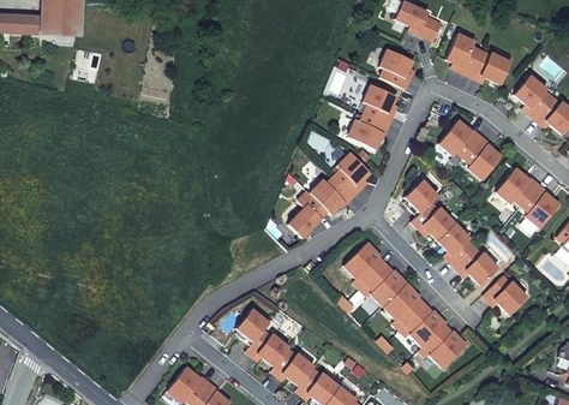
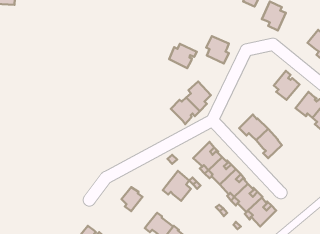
building: [378,48,413,88] -> none
building: [469,49,511,84] -> none
building: [348,113,389,149] -> [169,44,197,68]
building: [438,119,481,157] -> none
building: [405,179,437,215] -> none
building: [288,191,328,238] -> none
building: [455,246,498,285] -> none
building: [483,275,526,315] -> none
building: [246,322,288,367] -> [163,171,191,201]

